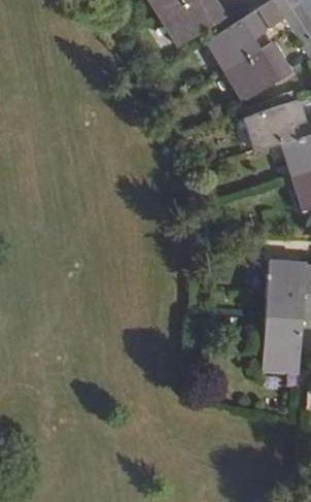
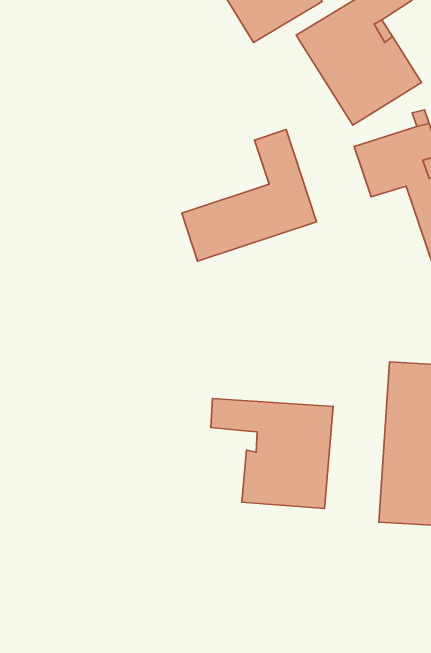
building: none -> [182,129,316,261]
building: none -> [211,399,333,509]

